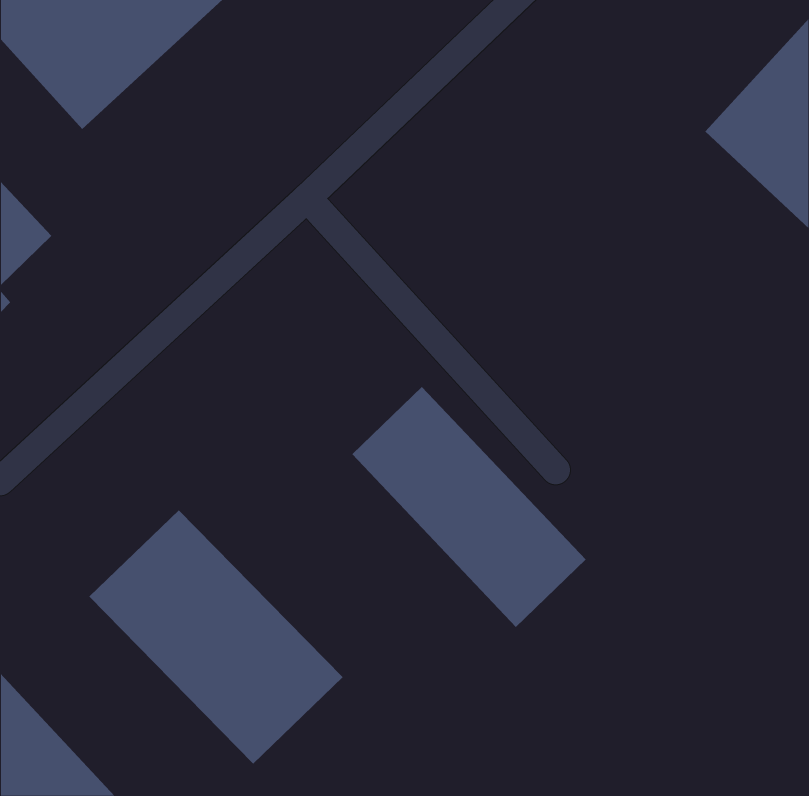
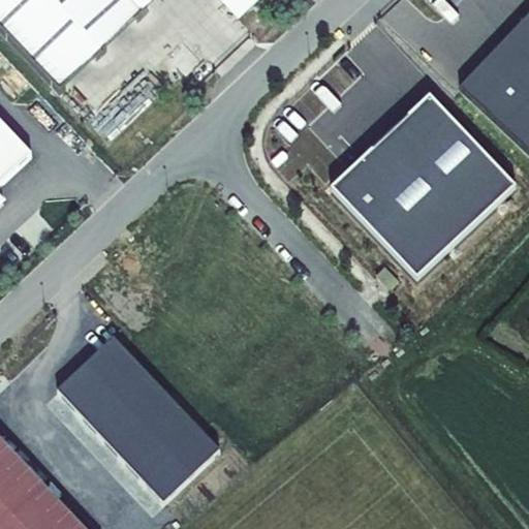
building: none -> [335,97,517,278]
building: [351,386,586,628] -> none

